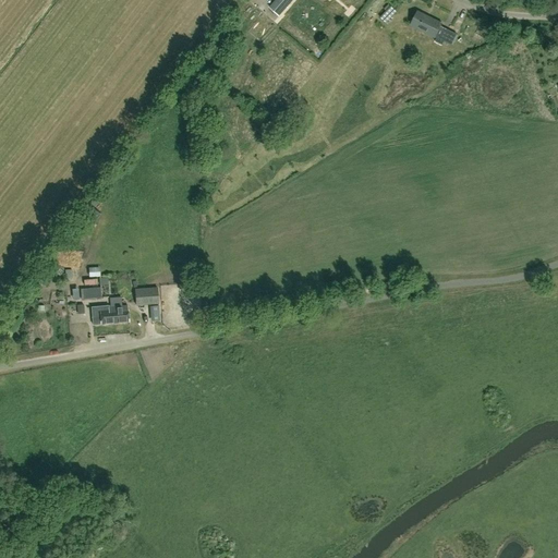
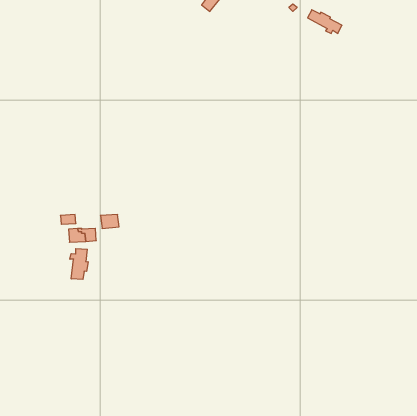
building: none -> [70,249,88,279]

